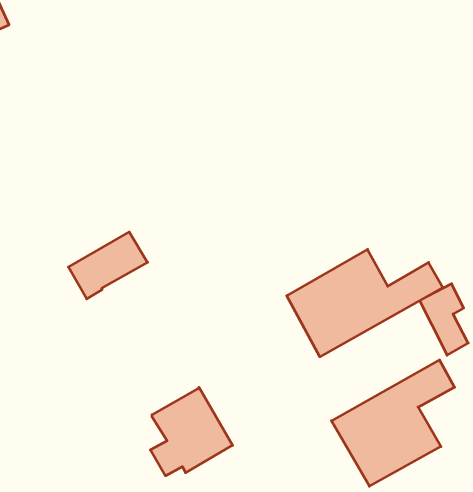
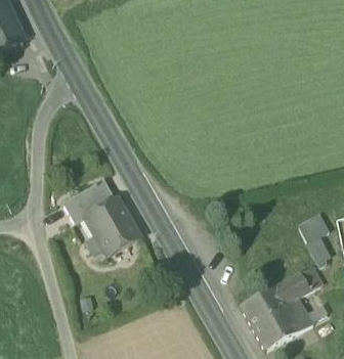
building: [287,249,443,357] -> none
building: [150,387,233,476] -> [84,198,139,258]

